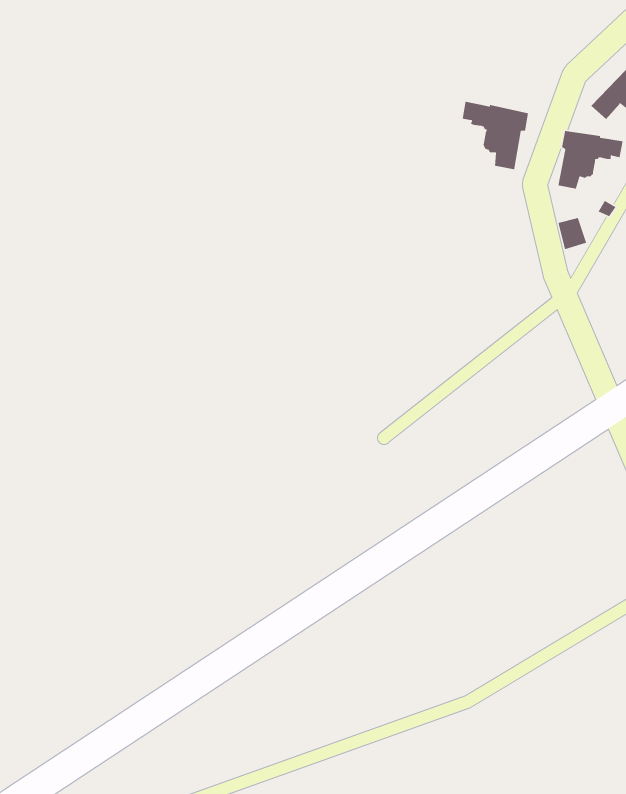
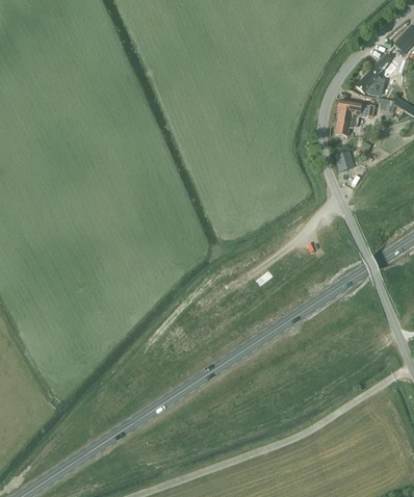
building: [462,101,529,170] -> none

